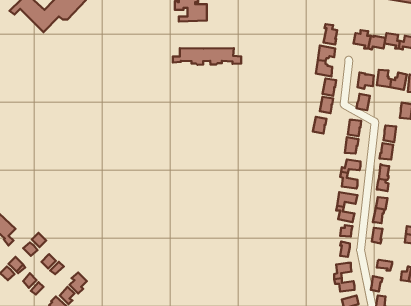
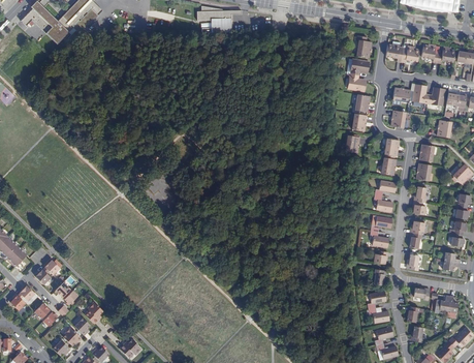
building: [173,48,241,65] -> none

